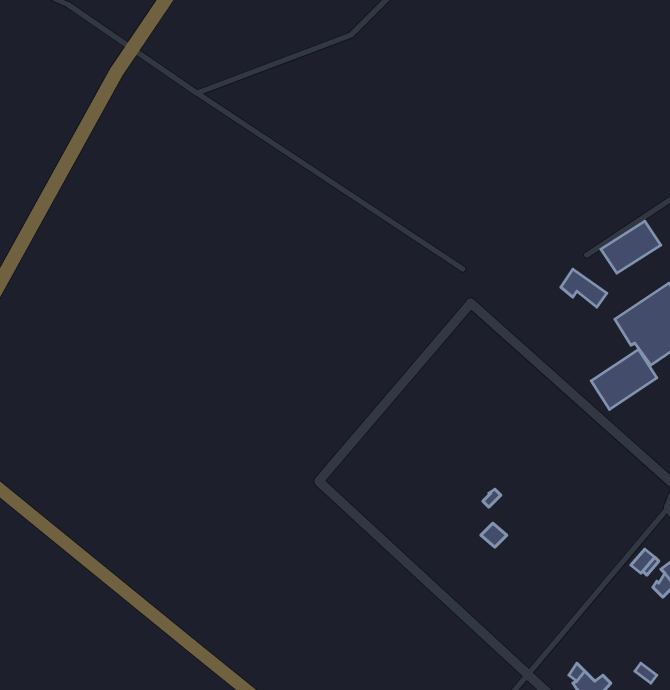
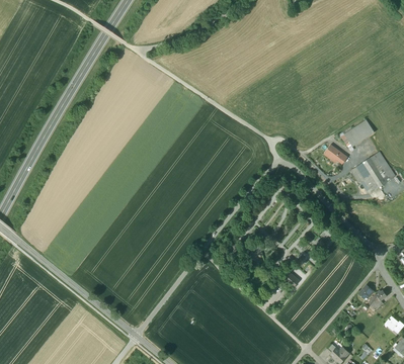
building: [591,349,657,410] -> none

